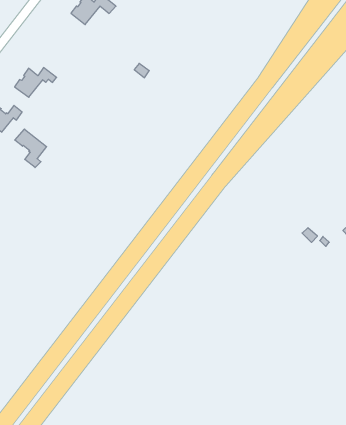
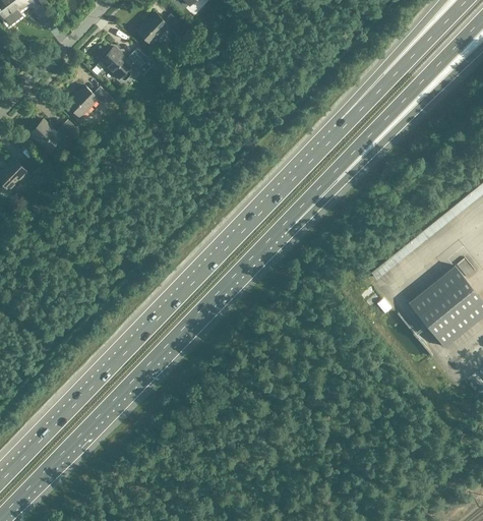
building: none -> [100,48,144,81]
building: [15,129,47,168] -> none

